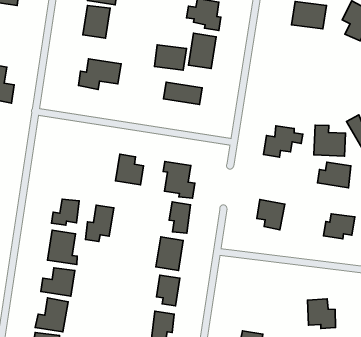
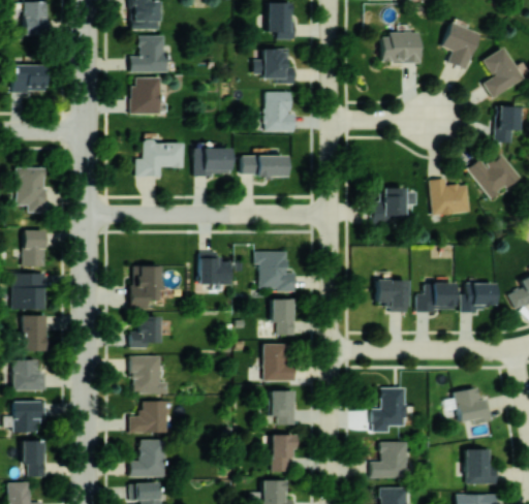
building: [155,45,187,70] -> [193,148,229,176]
building: [317,162,351,188] -> [415,284,454,311]
building: [86,205,114,241] -> [129,265,158,309]
building: none -> [371,388,404,433]

